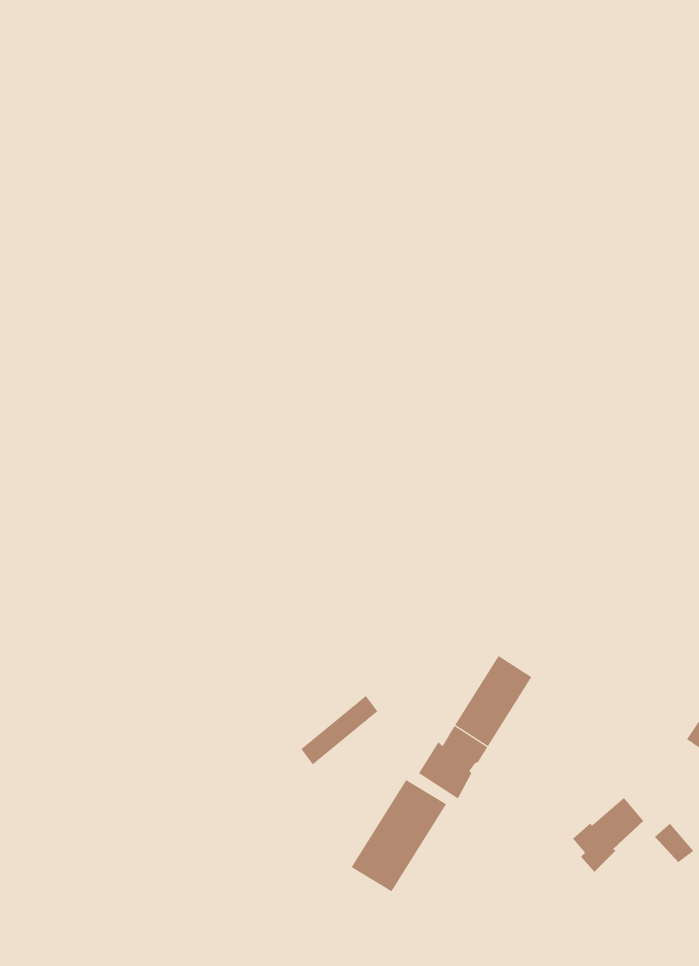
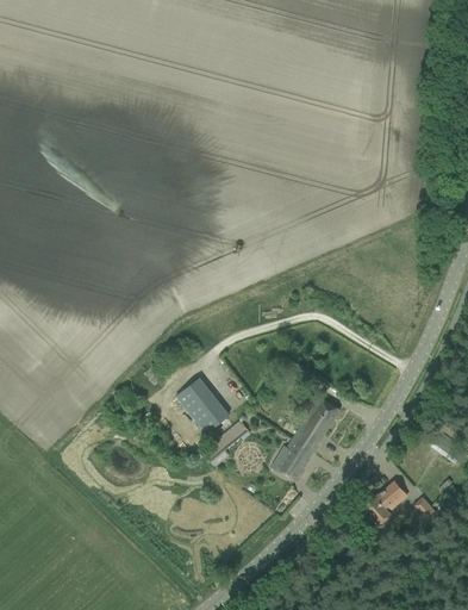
building: none -> [177,376,230,432]
building: [351,779,447,892] -> none

